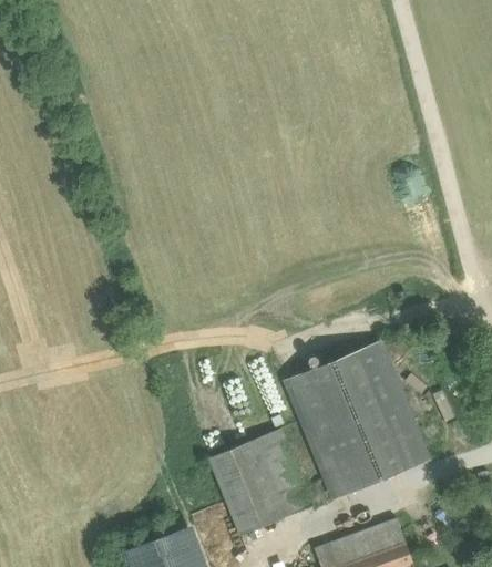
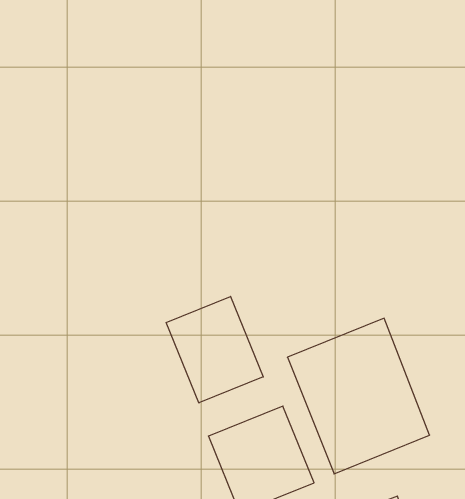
building: none -> [166,296,263,403]

